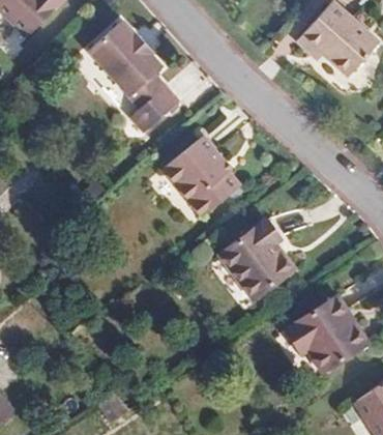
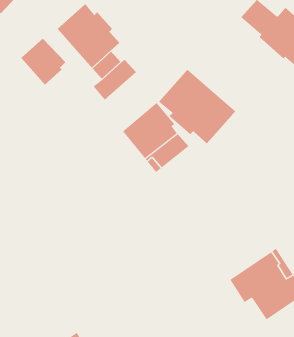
building: none -> [20,38,66,85]
building: none -> [158,69,236,144]
building: [220,219,291,297] -> none

